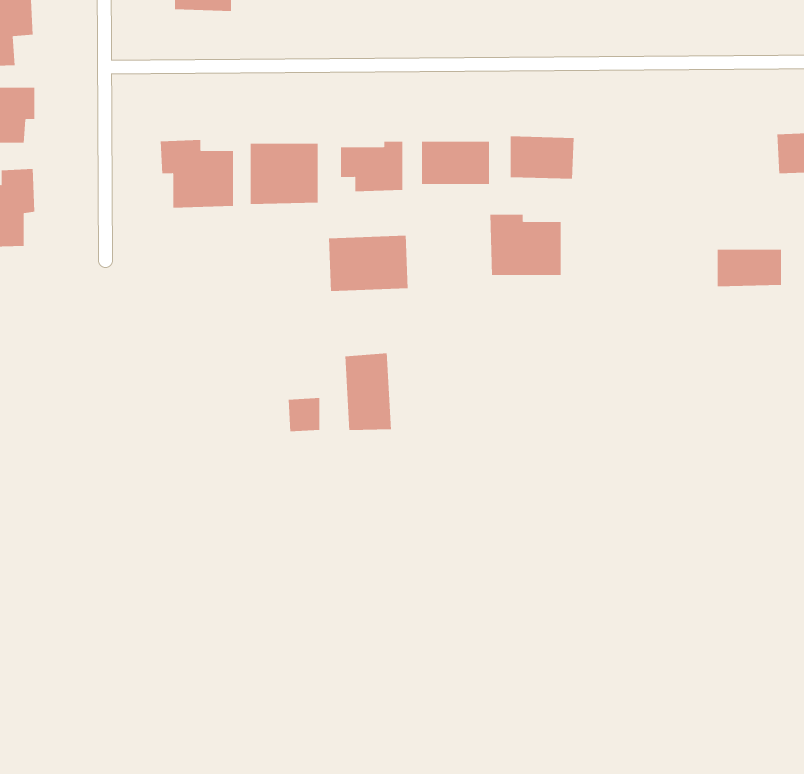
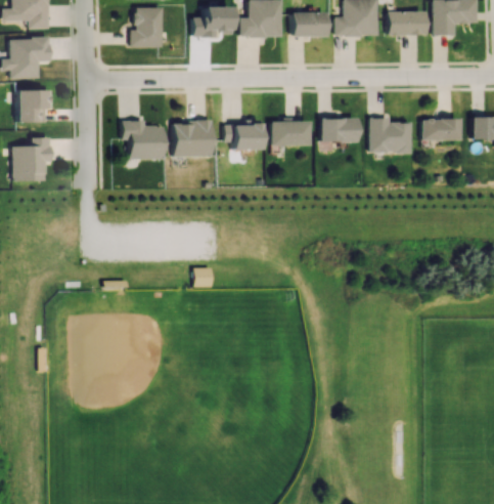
building: [489,214,562,276] -> [370,118,411,153]
building: [329,235,408,292] -> none
building: [717,249,782,287] -> [423,119,460,140]
building: [345,353,392,431] -> none

